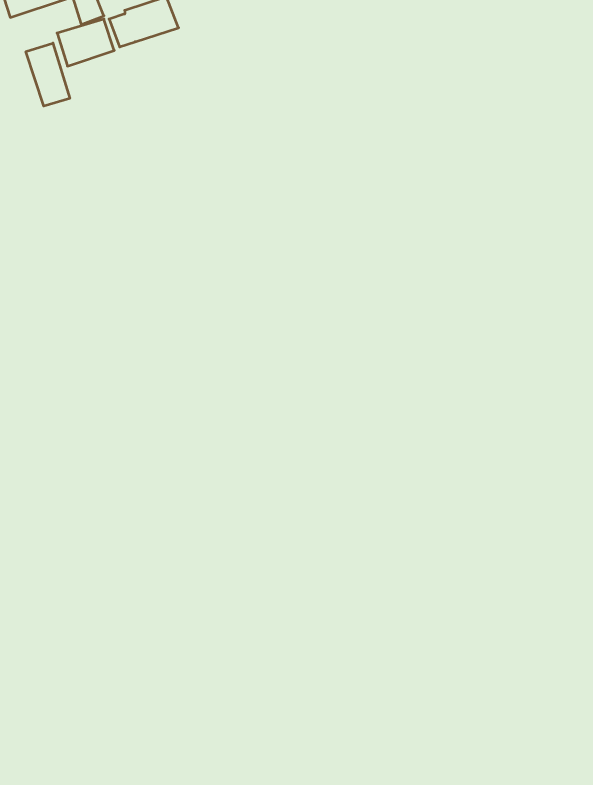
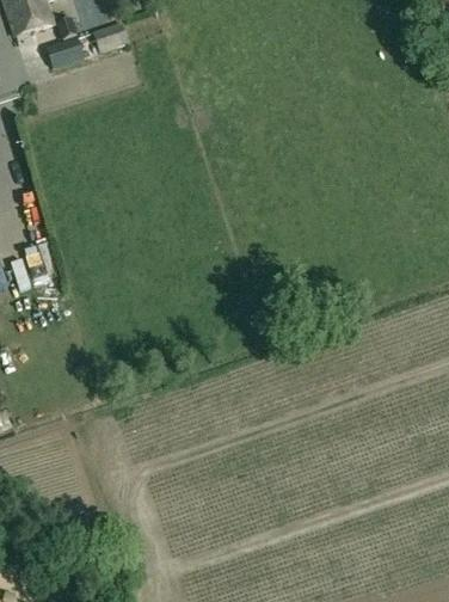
building: [26,43,70,106] -> none

